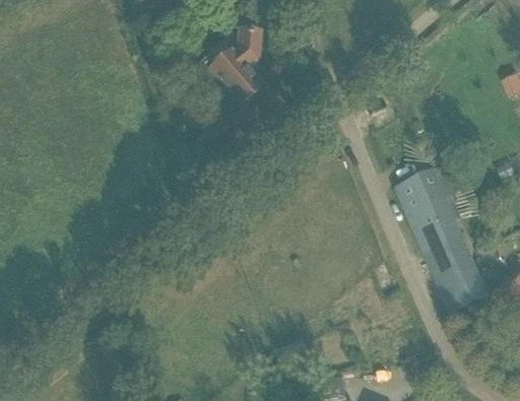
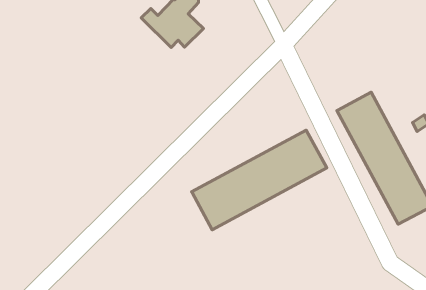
building: none -> [191,130,327,230]

